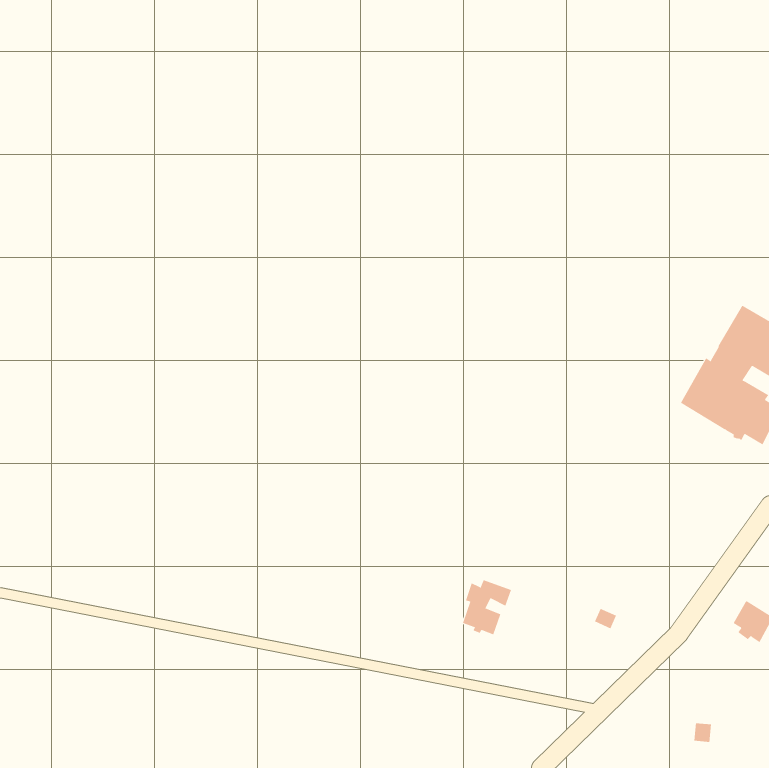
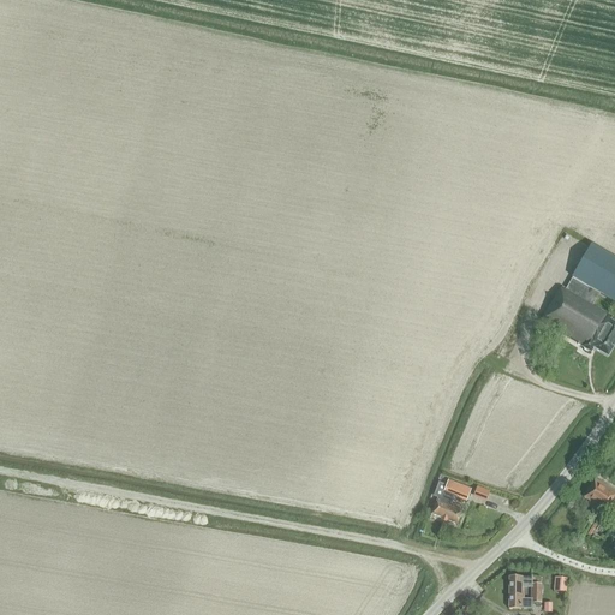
building: [462,579,512,635] -> [432,478,472,523]
building: none -> [509,575,542,607]

